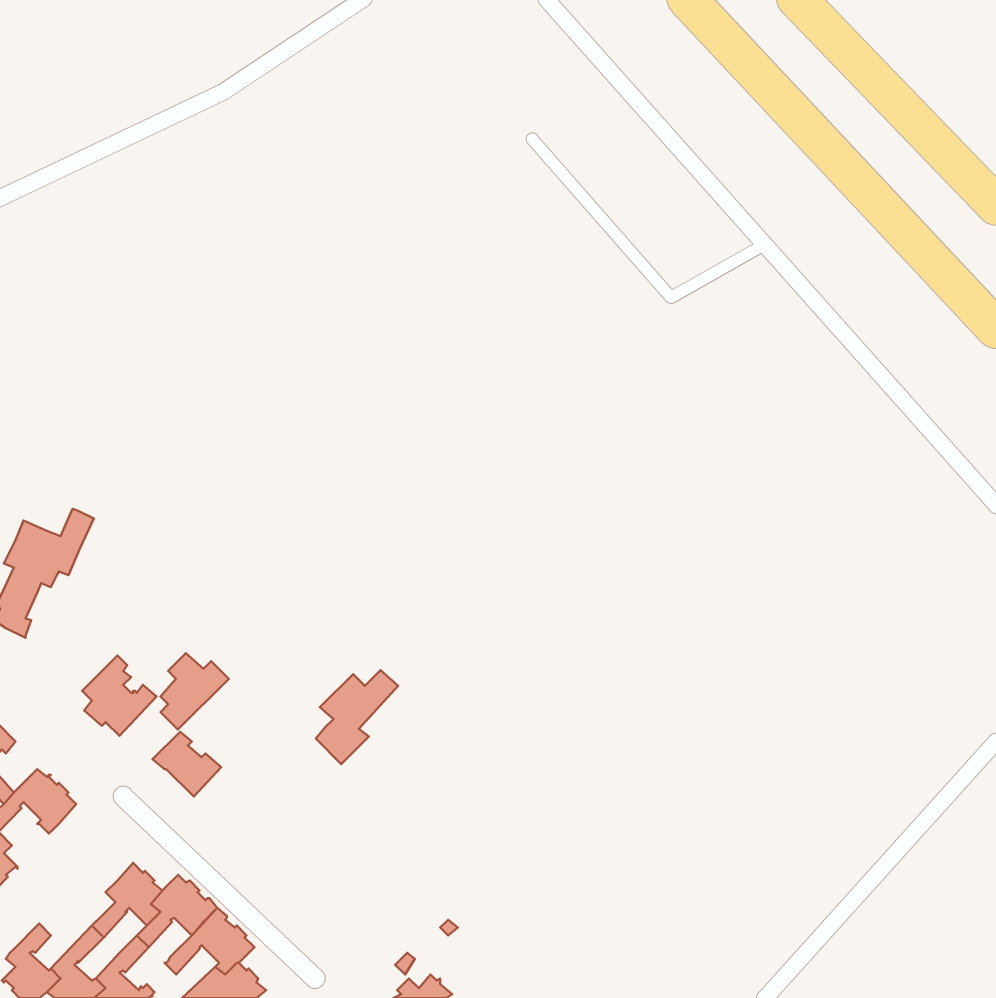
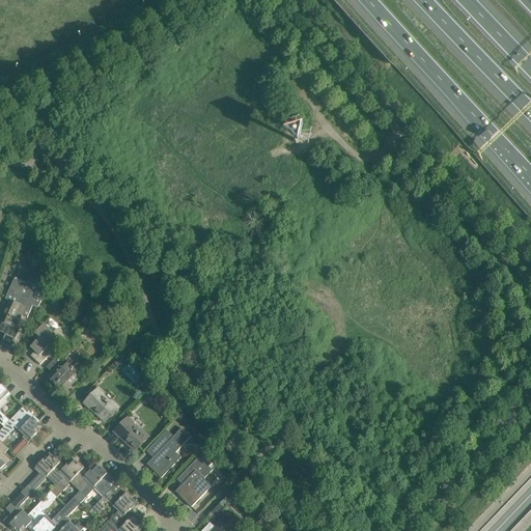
building: [160,653,229,730] -> [28,324,64,364]
building: [316,670,398,764] -> [145,427,189,477]
building: none -> [111,416,147,450]
building: none -> [174,451,211,506]
building: none -> [25,452,62,492]

